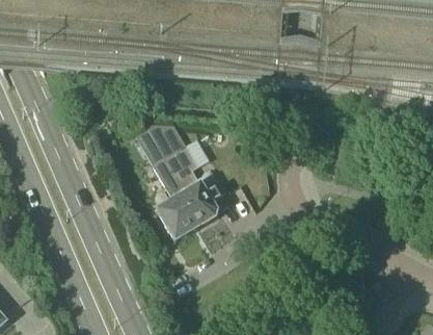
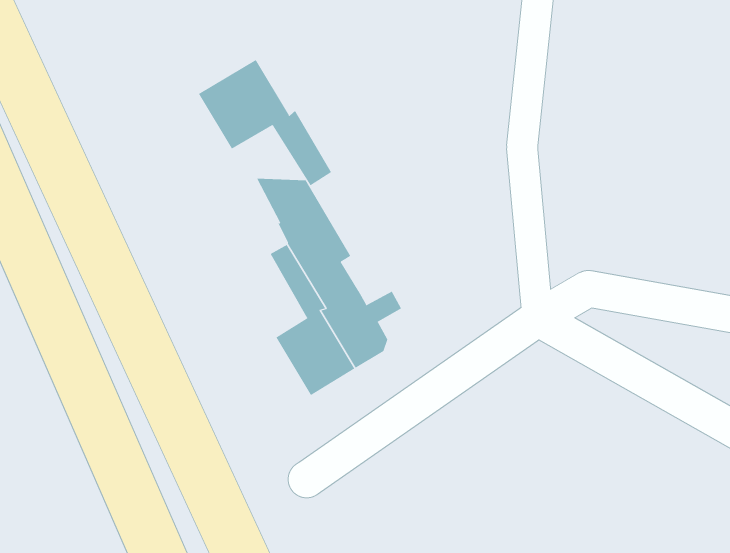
building: none -> [198,59,332,186]

